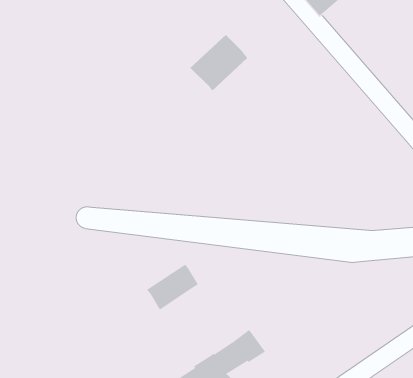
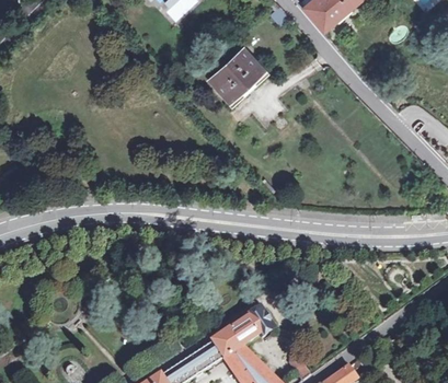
building: [146,264,199,310] -> none

